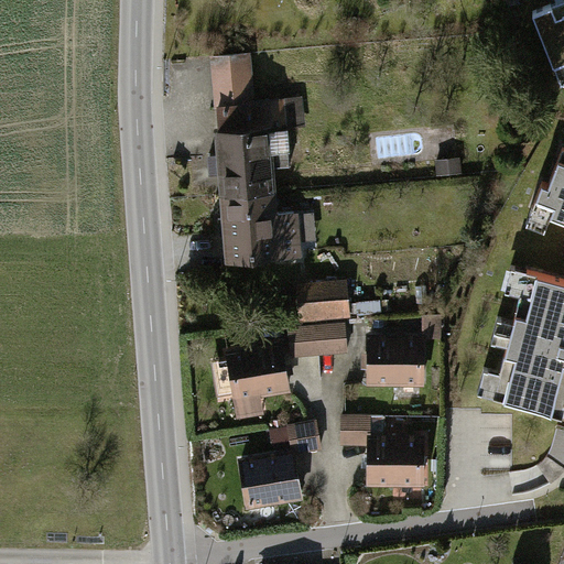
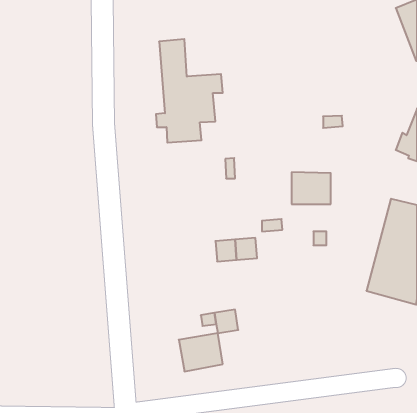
building: [219,194,299,260] -> none
building: [301,285,348,319] -> none
building: [370,340,423,383] -> [292,172,331,204]
building: [214,347,289,420] -> none
building: [343,419,424,485] -> none

